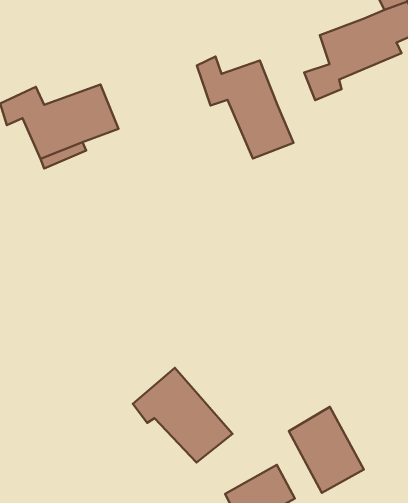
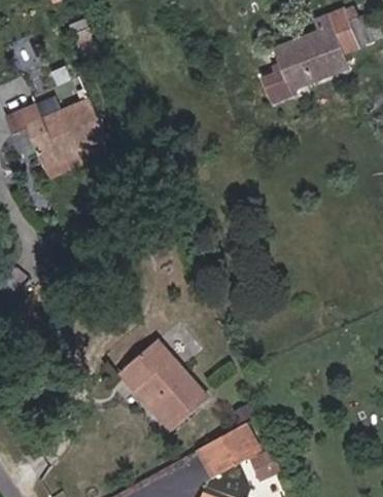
building: [197,57,293,158] -> none
building: [289,407,364,493] -> none

